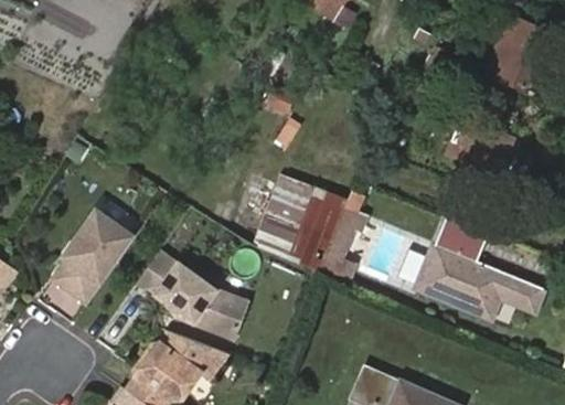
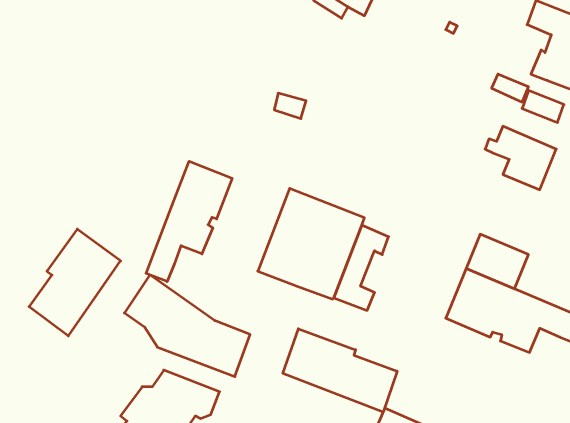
building: none -> [146,161,232,282]
building: none -> [283,329,397,412]

